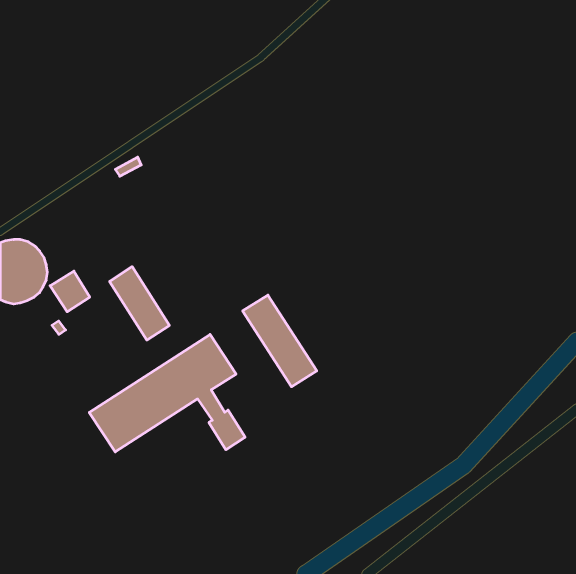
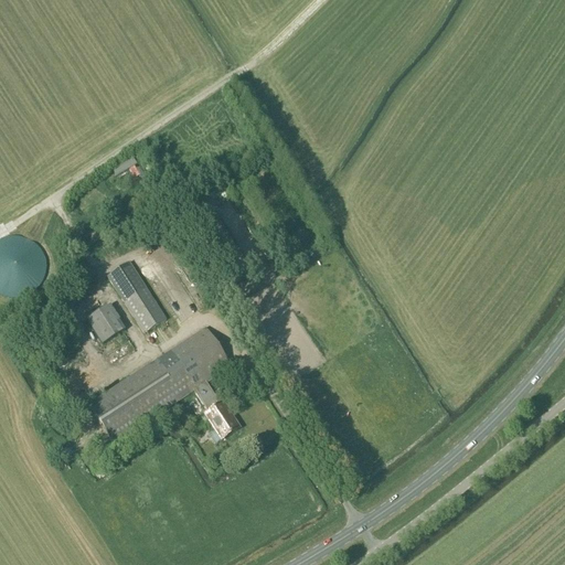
building: [50,271,90,312] -> [87,303,126,343]
building: [243,295,317,387] -> none

